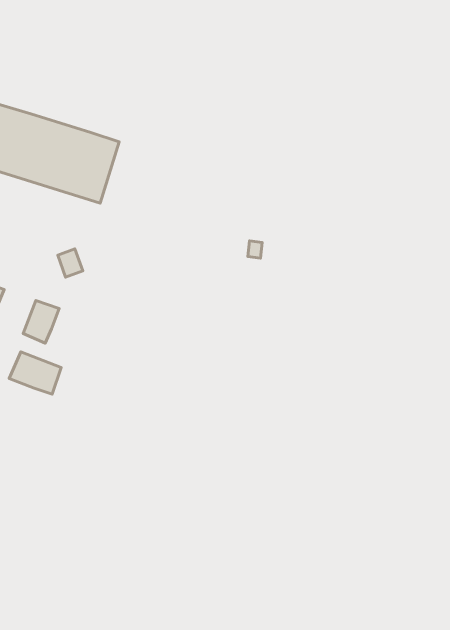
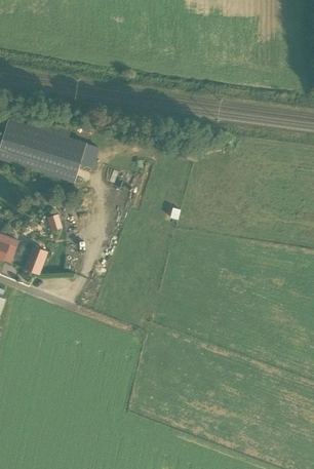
building: [9,352,61,394] -> none

